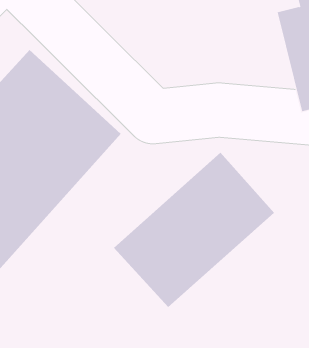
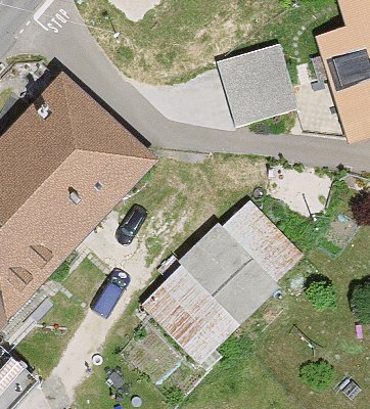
building: none -> [223,36,304,117]

